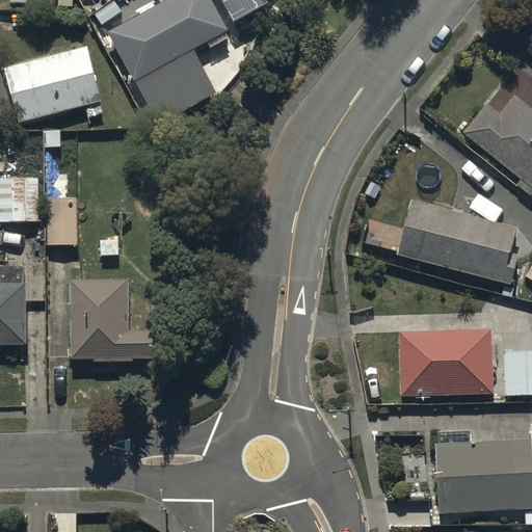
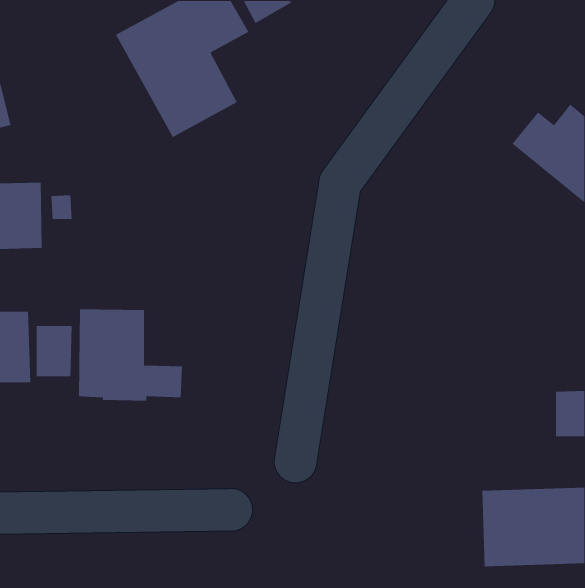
building: [5,47,101,123] -> none
building: [396,198,518,285] -> none
building: [45,202,78,248] -> [36,325,72,377]
building: [399,328,493,397] -> none

